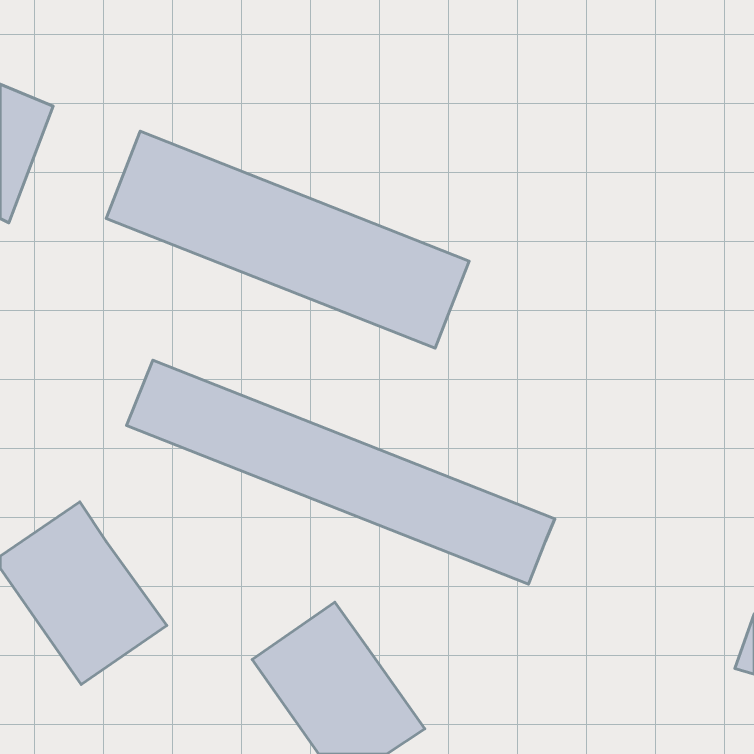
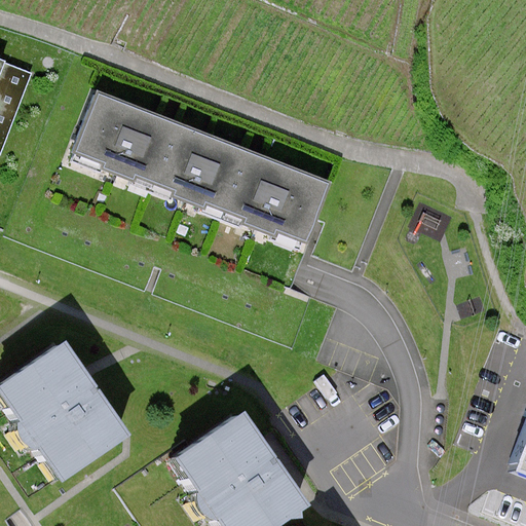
building: [126,360,555,584] -> none

